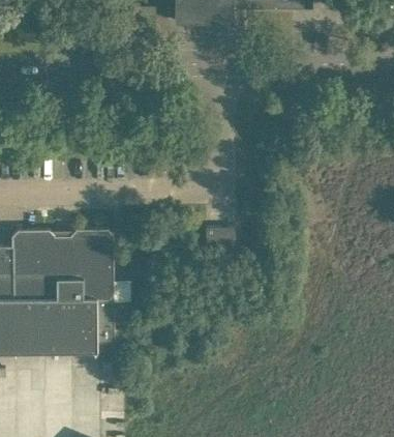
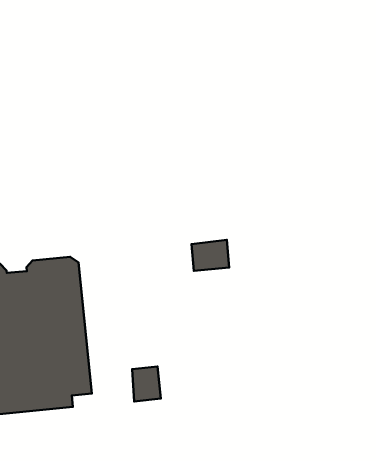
building: none -> [132,366,161,401]

